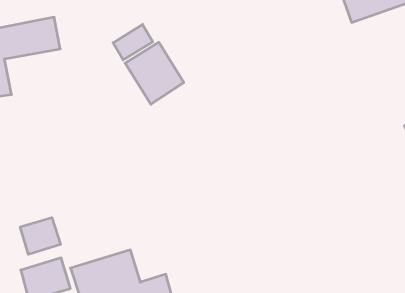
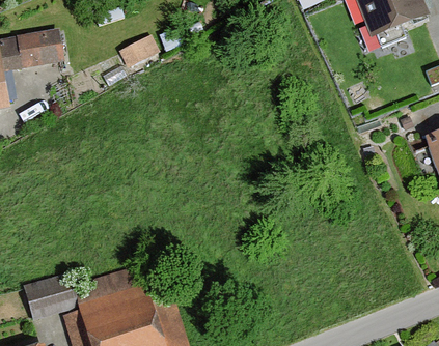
building: [125,42,184,104] -> none
building: [20,218,61,254] -> none

